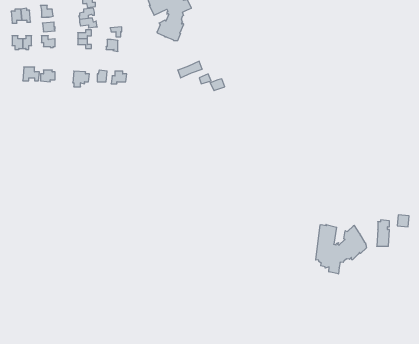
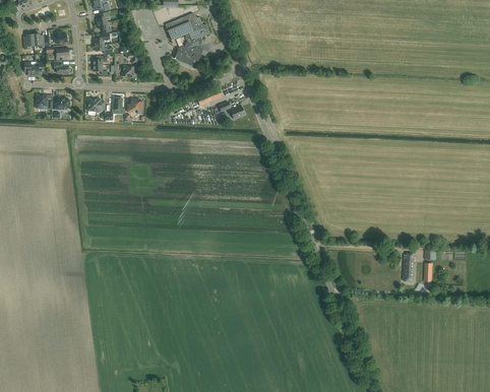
building: [316,224,366,274] -> none

